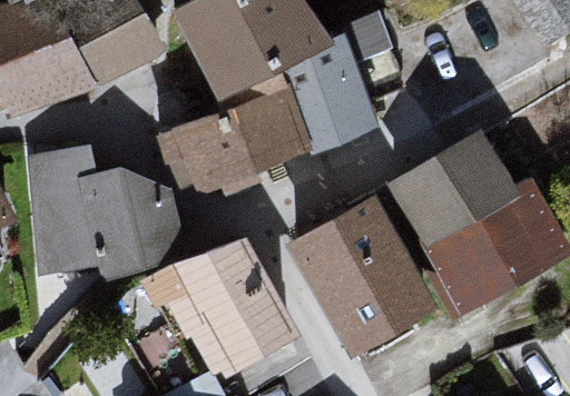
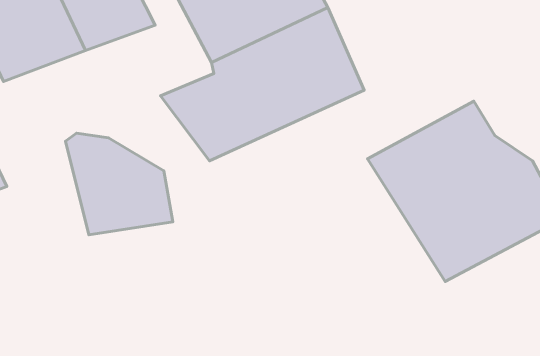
building: [24,152,90,271] -> none
building: [286,194,455,354] -> none
building: [140,235,294,374] -> none

